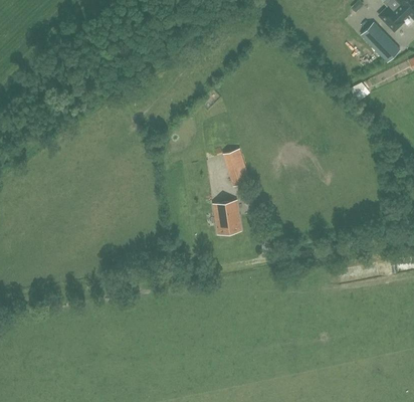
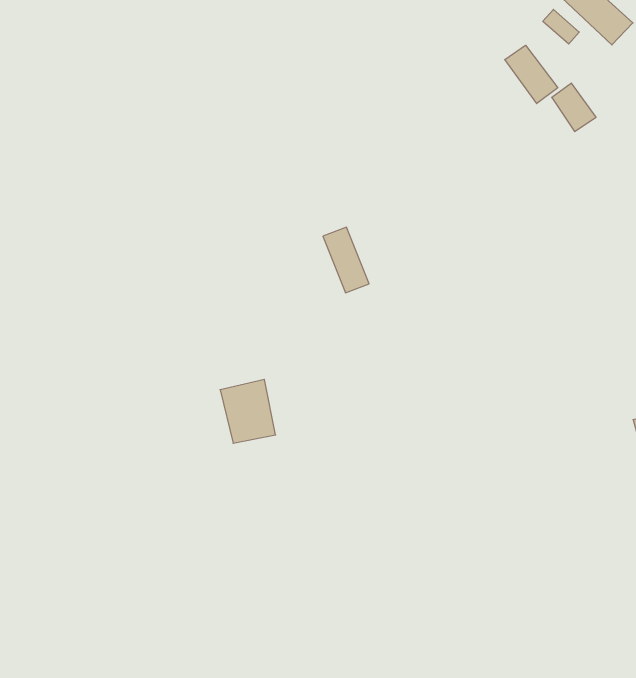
building: none -> [505,45,558,104]
building: [211,199,239,232] -> [220,379,276,443]

